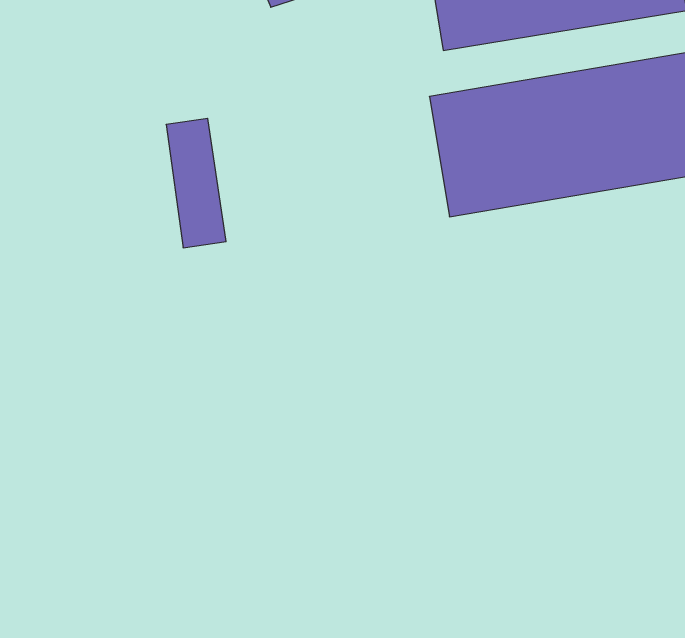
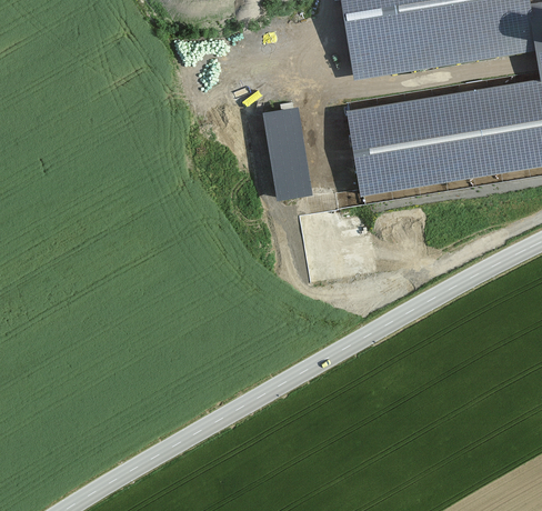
building: [166,118,226,248] -> [264,108,308,201]

